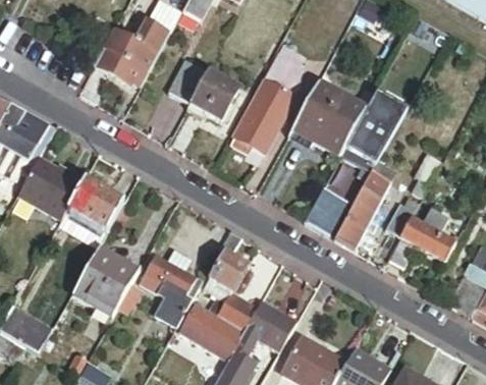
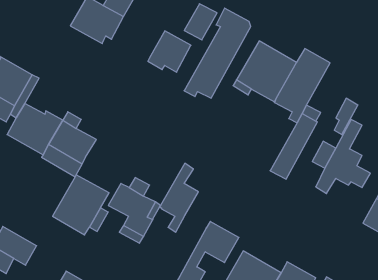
building: [168,58,208,102] -> [184,4,217,40]
building: [304,180,358,235] -> none
building: [177,292,258,366] -> none

